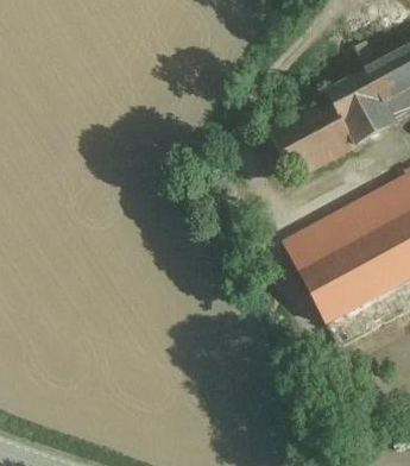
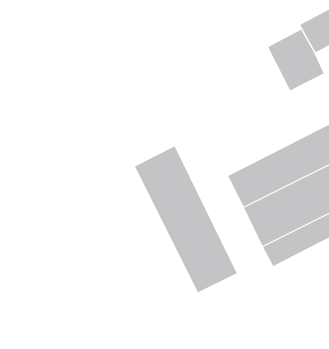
building: [270,96,355,171] -> none
building: none -> [134,146,237,293]

